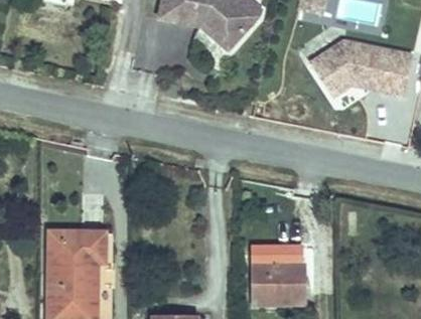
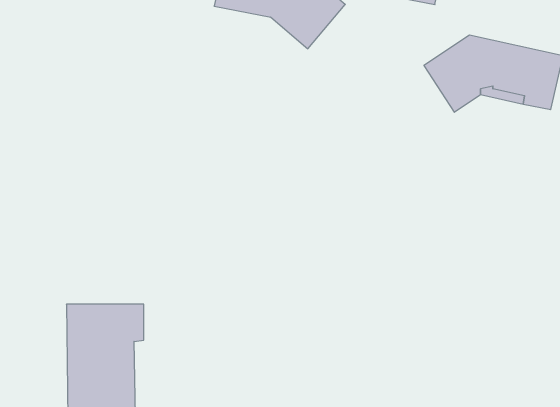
building: [257,231,304,300] -> none

